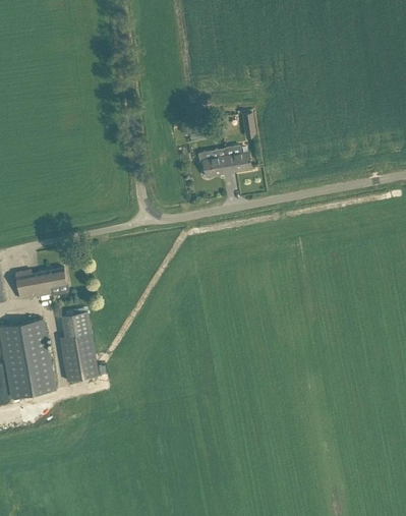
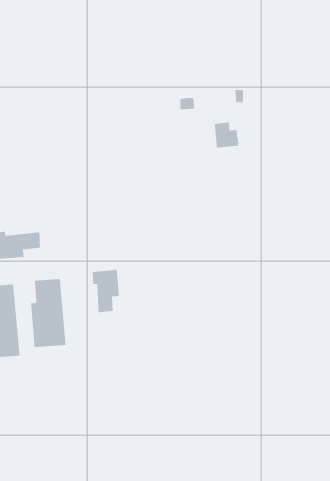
building: [196,149,228,176] -> none
building: none -> [92,269,120,313]

